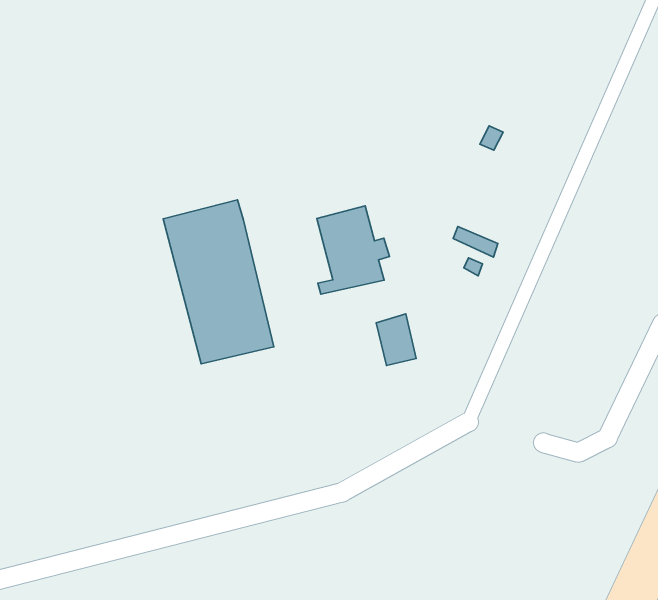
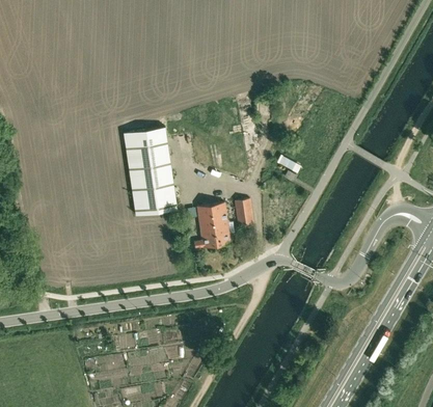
building: [317,206,390,294] -> [194,202,235,248]

